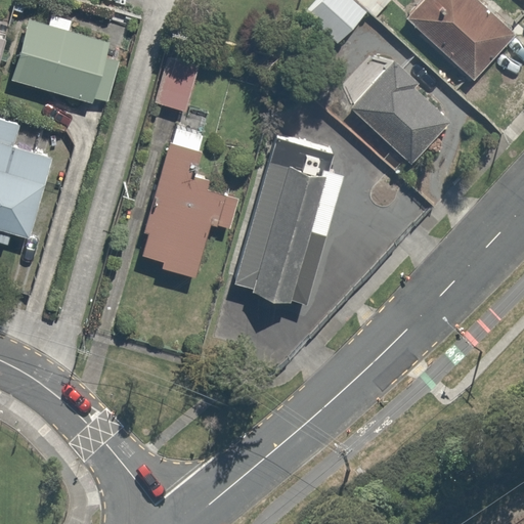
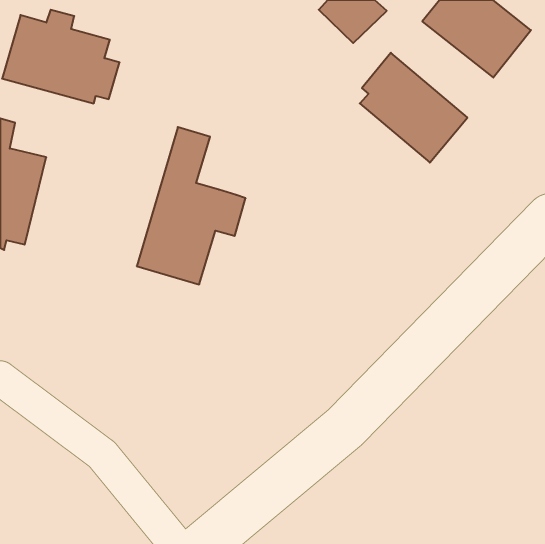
building: [156,54,200,113] -> none
building: [231,136,344,303] -> none

